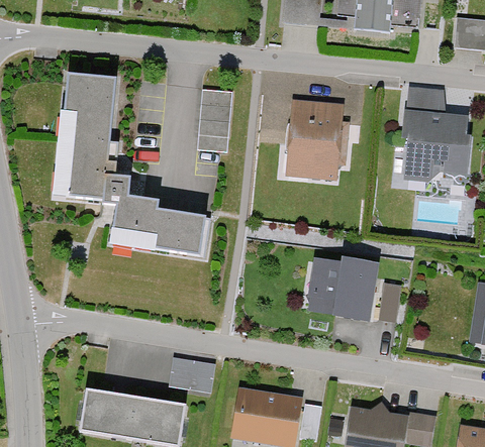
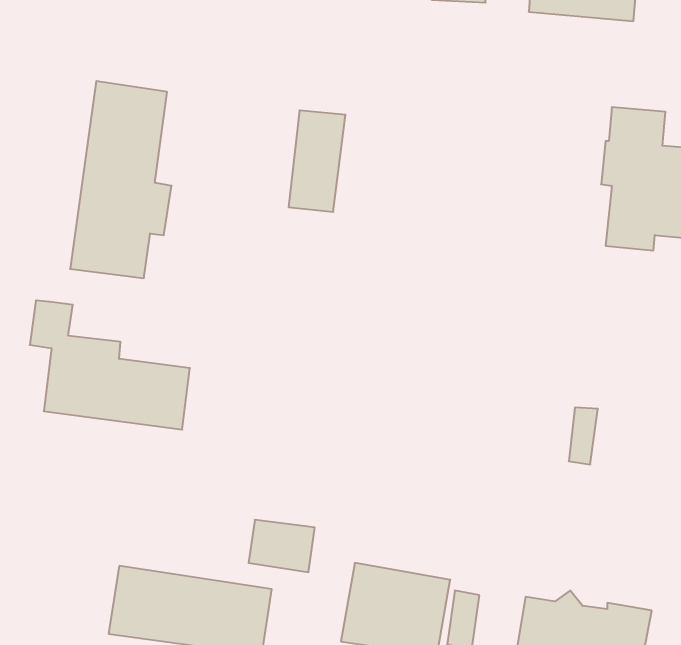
building: [285,101,348,182] -> none
building: [101,171,206,255] -> [30,300,190,430]
building: [304,256,379,321] -> none

